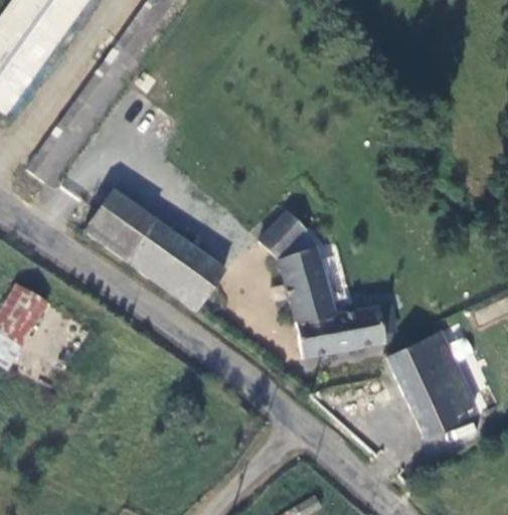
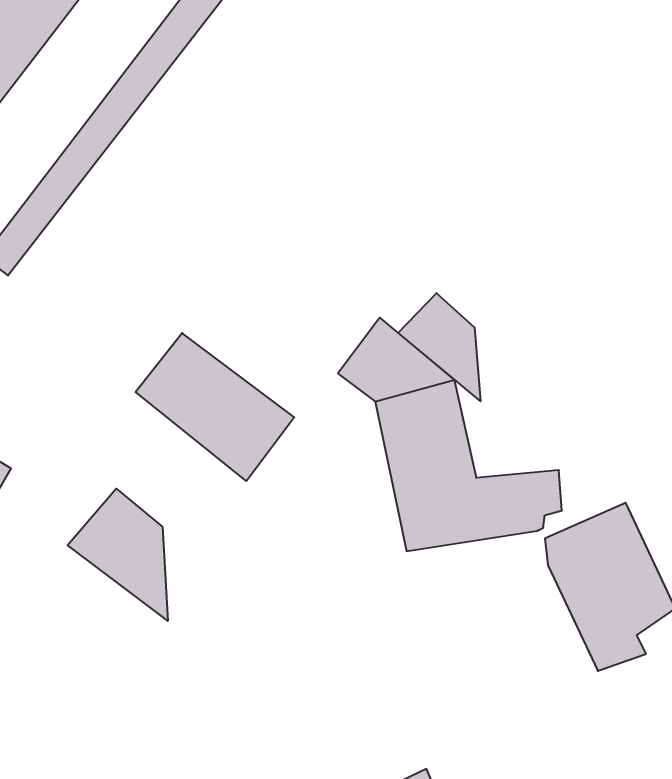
building: [87,190,155,256] -> none
building: none -> [398,293,480,401]
building: none -> [68,489,168,621]

